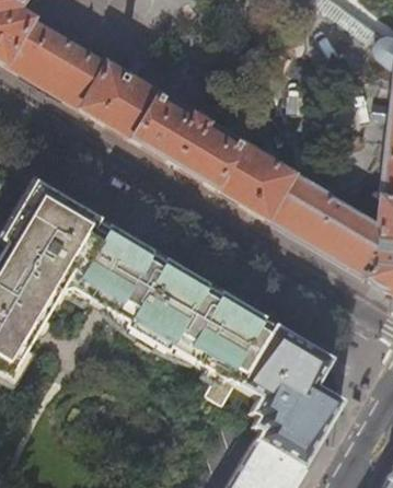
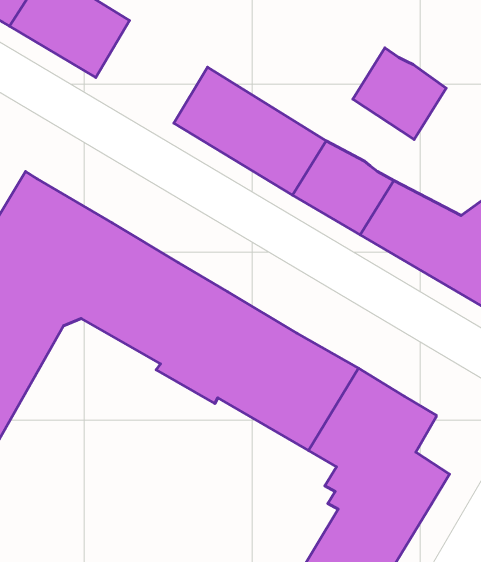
building: [82,65,165,141] -> none
building: none -> [353,48,446,139]

